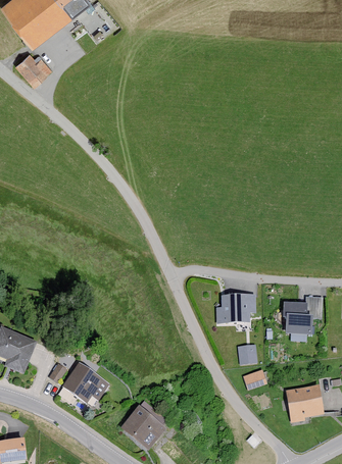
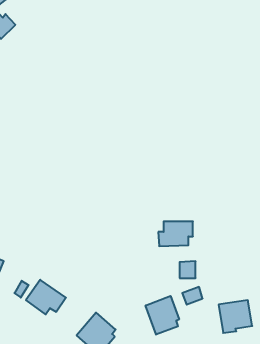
building: [283,296,323,336] -> none
building: none -> [146,296,179,335]

